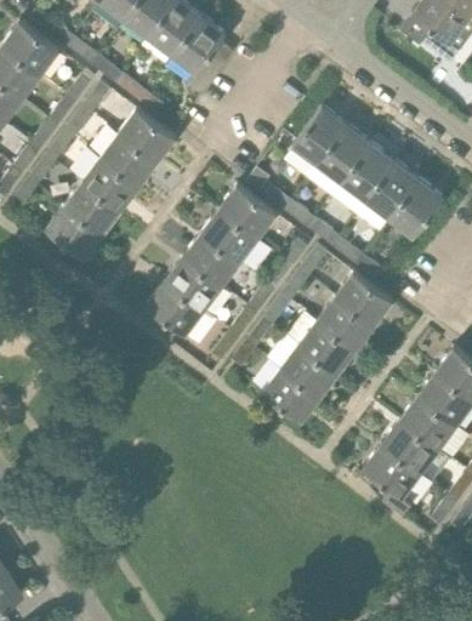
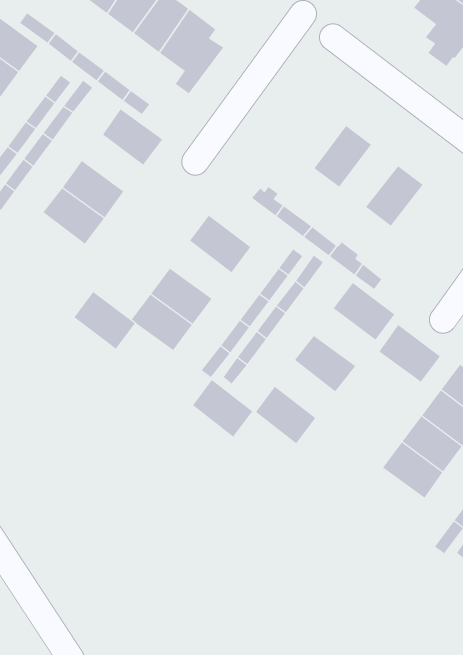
building: [292,106,347,164] -> none
building: [99,132,158,186] -> none
building: [341,142,396,200] -> none
building: [389,180,444,237] -> none
building: [218,183,277,238] -> none
building: [45,205,103,260] -> [74,291,136,349]
building: [182,232,240,286] -> none
building: [317,295,375,349] -> [379,324,441,382]
building: [280,343,337,398] -> [192,379,253,437]
building: [363,444,421,517] -> none

